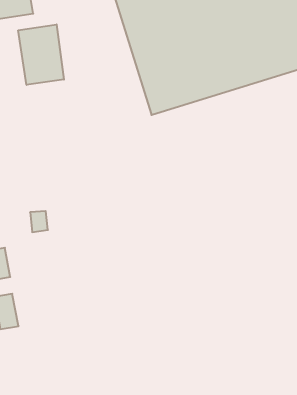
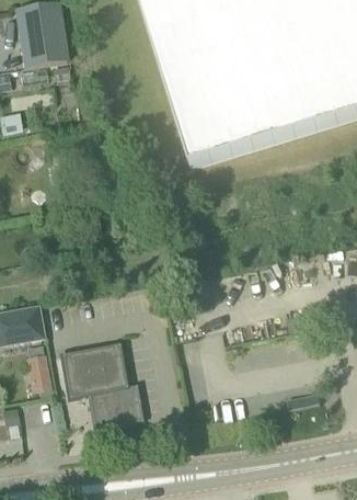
building: [18,24,64,85] -> none
building: none -> [64,343,145,429]

